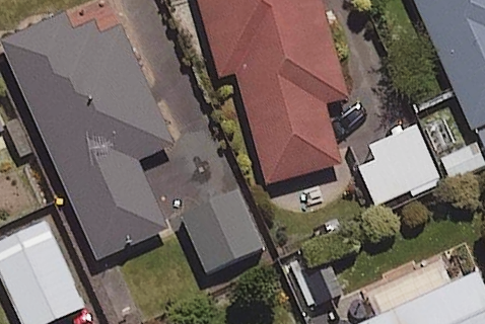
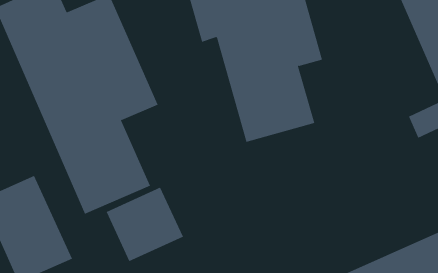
building: [359,128,436,202] -> none
building: [179,192,261,271] -> [106,187,184,262]

